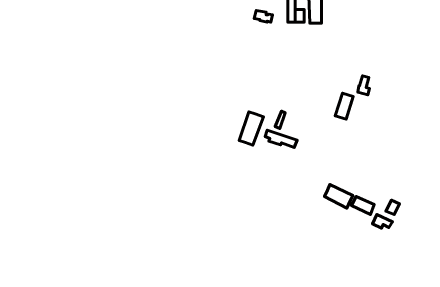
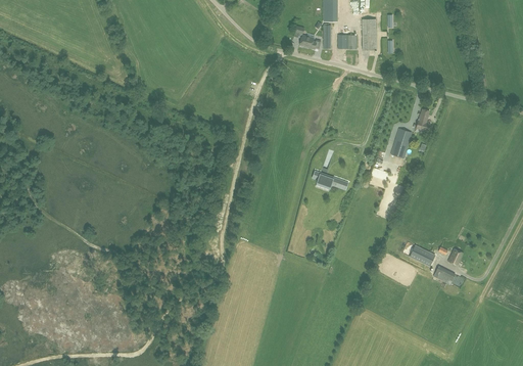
building: [239,112,263,145] -> none
building: [324,185,353,208] -> none

